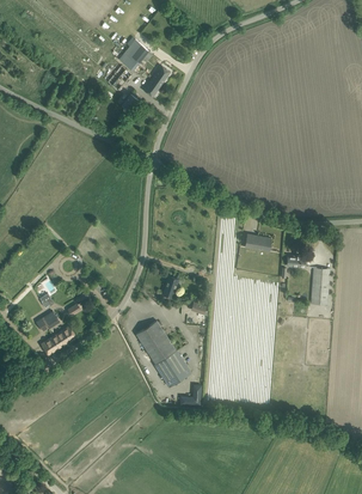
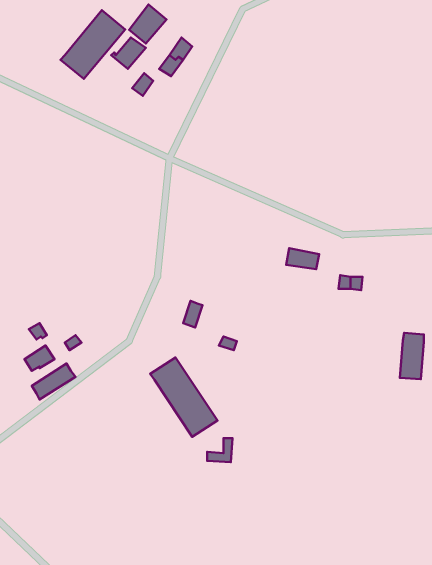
building: none -> [60,10,125,79]
building: [309,268,329,305] -> [400,333,424,379]

